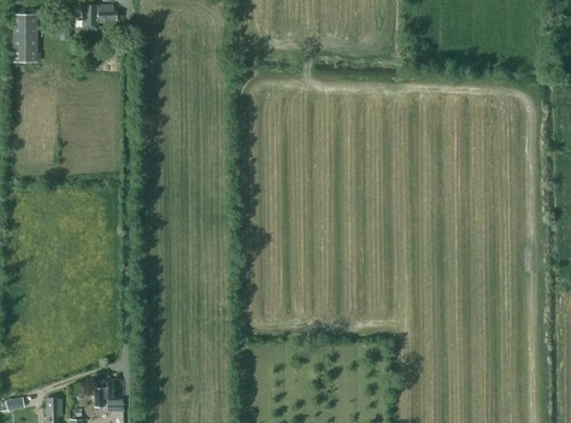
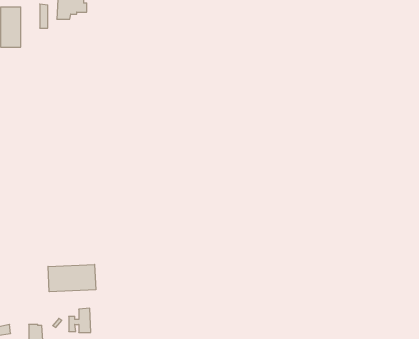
building: none -> [48,264,96,292]

